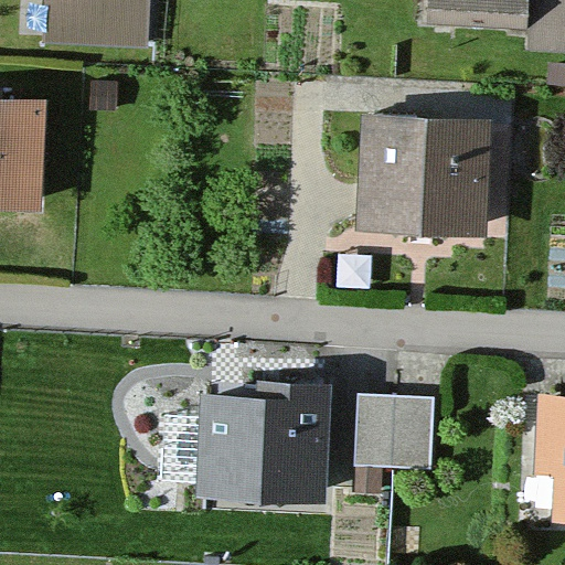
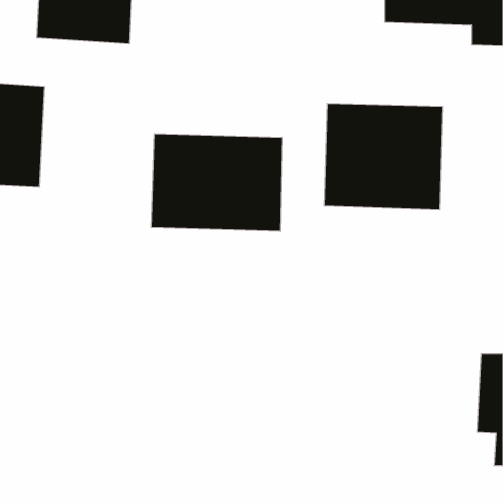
building: none -> [151,134,282,231]
building: [198,380,330,504] -> none
building: [345,398,429,477] -> none

